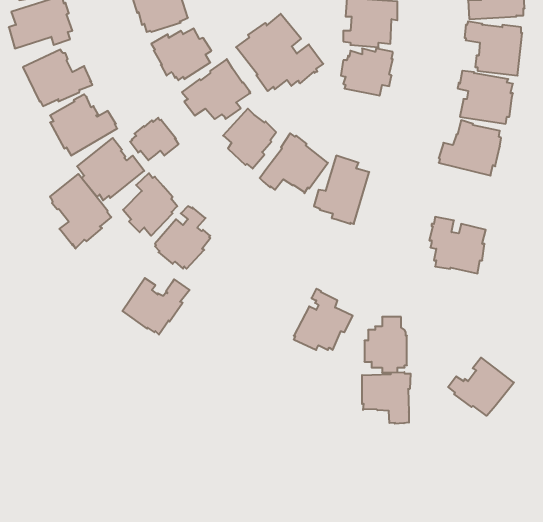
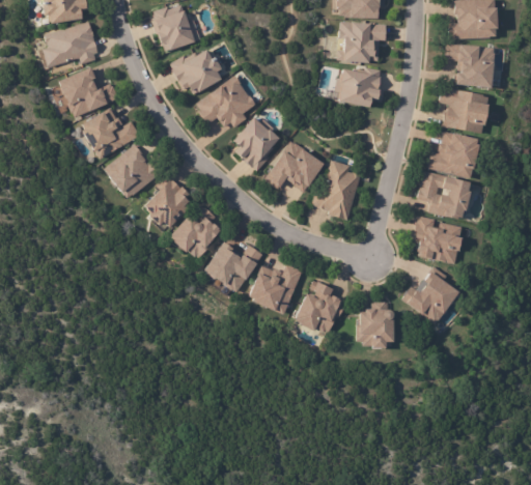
building: [236,14,323,91] -> none
building: [130,118,178,160] -> none
building: none -> [419,168,472,220]
building: [50,174,111,249] -> none
building: none -> [249,264,303,316]
building: [122,278,190,335] -> [205,241,264,291]
building: [448,358,514,415] -> [402,272,460,322]
building: [362,372,411,424] -> none

